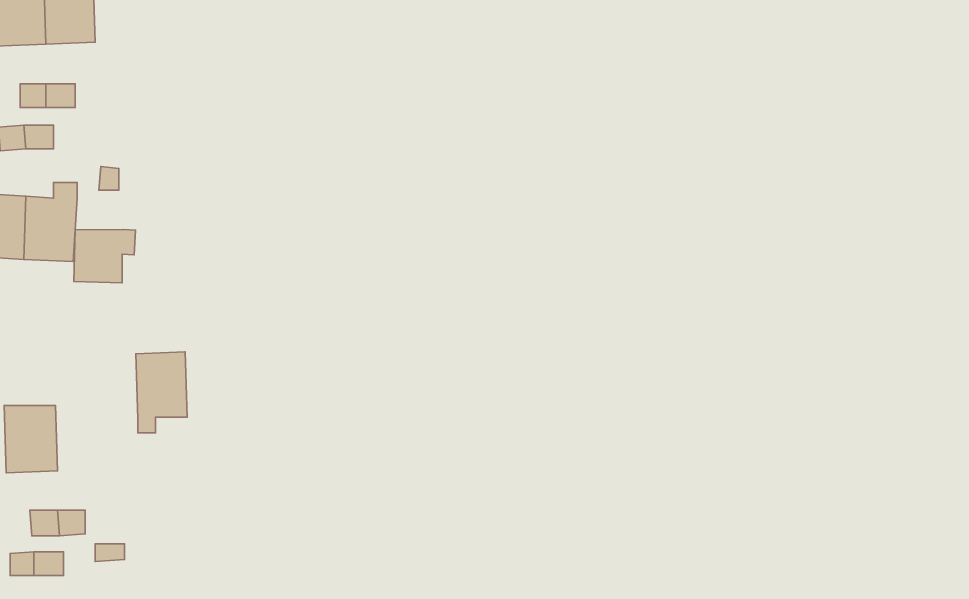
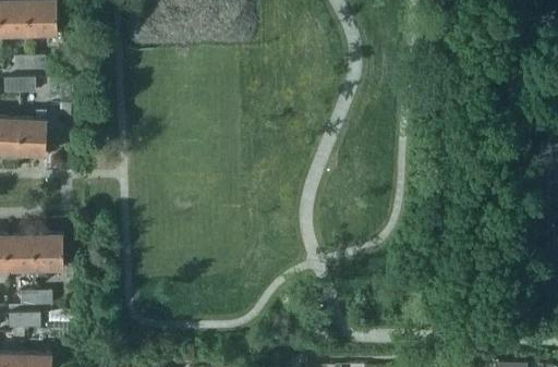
building: [74,229,135,283] -> none
building: [136,352,187,433] -> [34,234,62,279]

